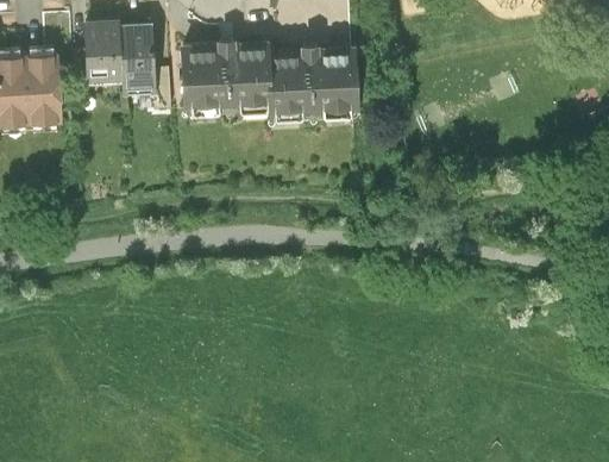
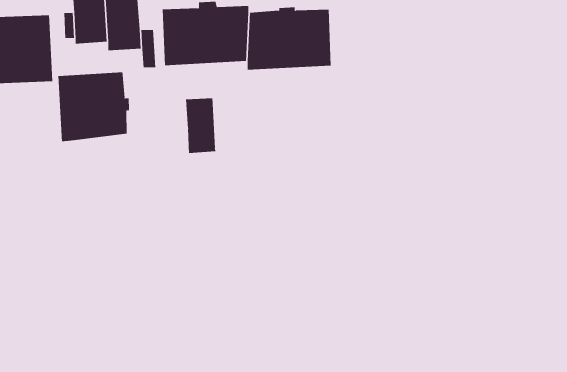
building: none -> [58,71,129,142]
building: none -> [185,98,216,154]

